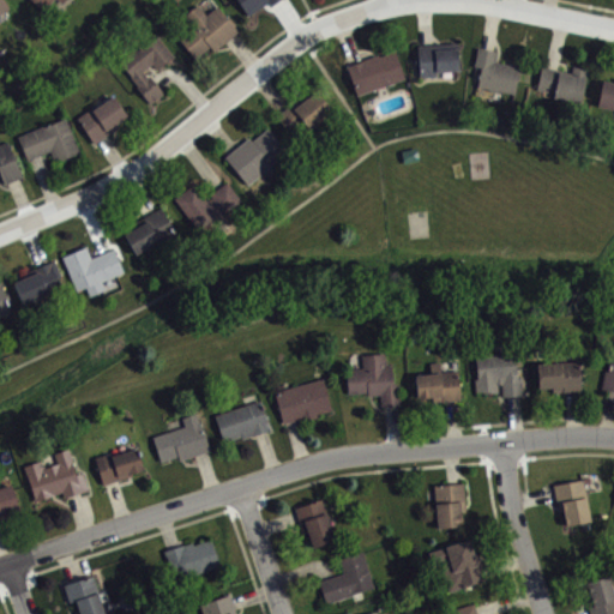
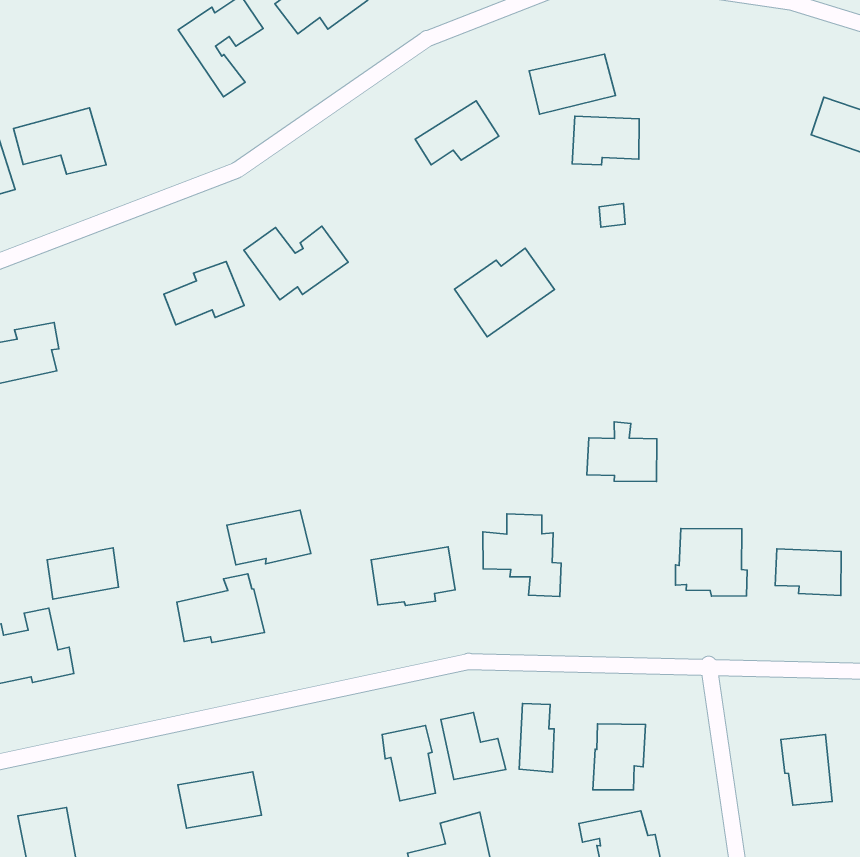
building: [417,44,462,78] -> [572,116,639,165]
building: [475,49,522,95] -> none
building: [77,97,126,146] -> none
building: [225,128,290,188] -> [455,248,554,337]
building: [62,249,125,297] -> none
building: [414,365,460,403] -> [587,422,657,481]
building: [216,401,272,440] -> [227,510,311,565]
building: [96,446,144,483] -> [47,548,119,599]
building: none -> [519,703,554,772]
building: none -> [441,712,506,779]

